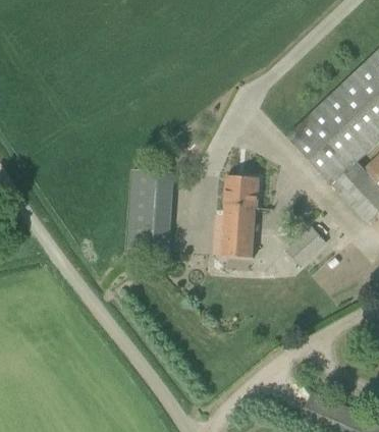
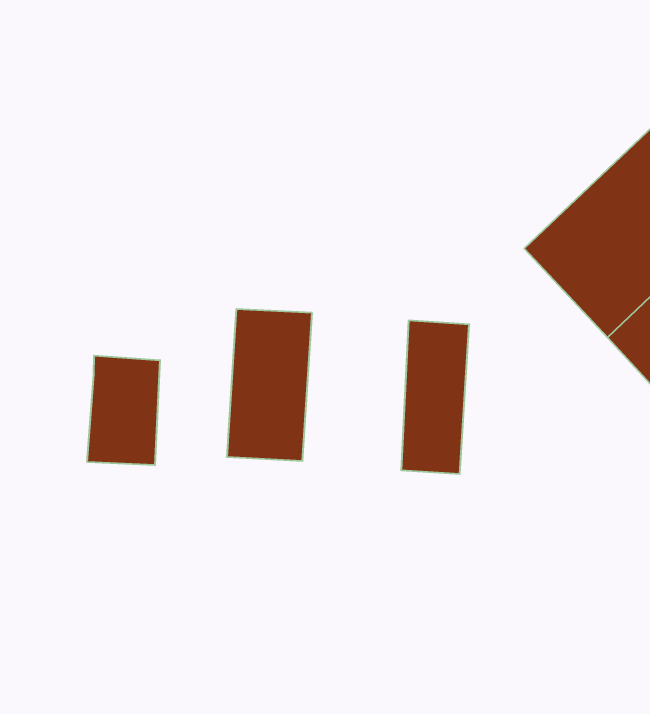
building: none -> [87,356,160,465]
building: [293,224,327,257] -> none

